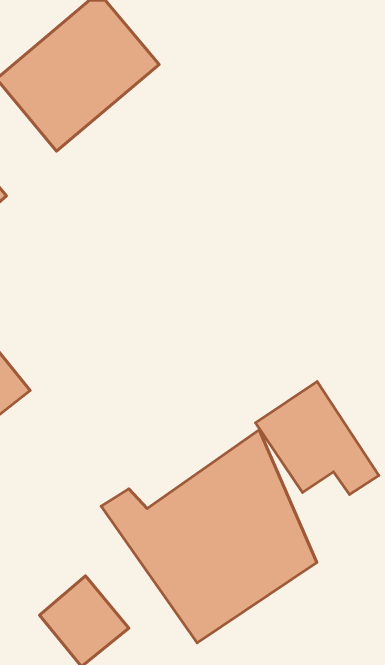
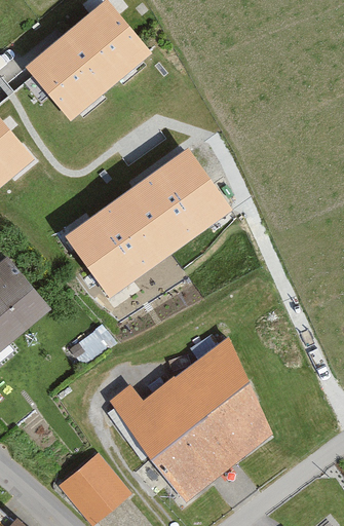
building: none -> [66,147,232,296]
building: [256,382,379,494] -> none

